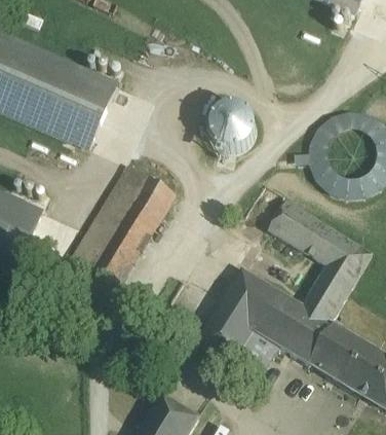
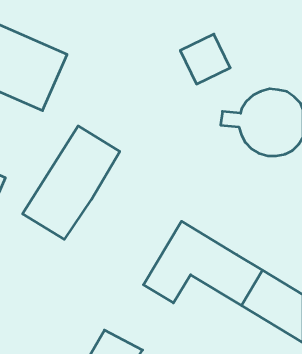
building: [201,99,258,155] -> [180,34,230,84]
building: [272,202,377,326] -> none

